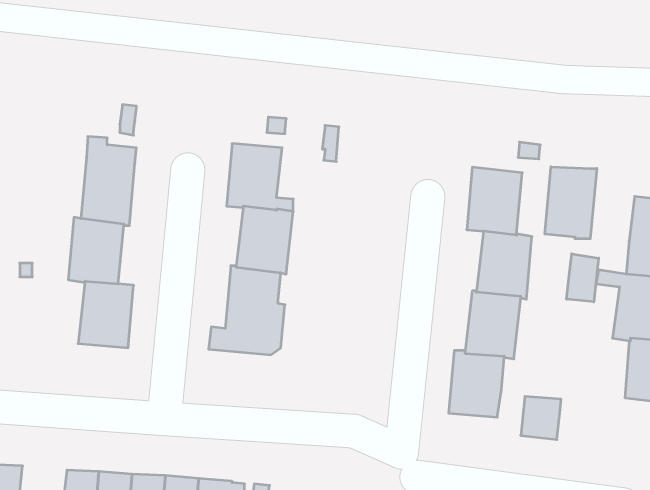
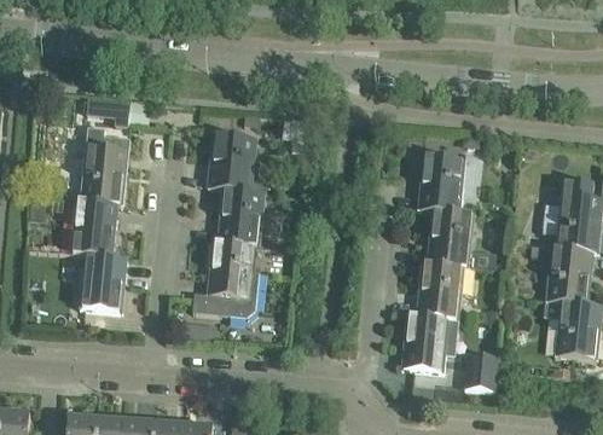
building: [545,167,597,239] -> none
building: [567,254,599,302] -> none

